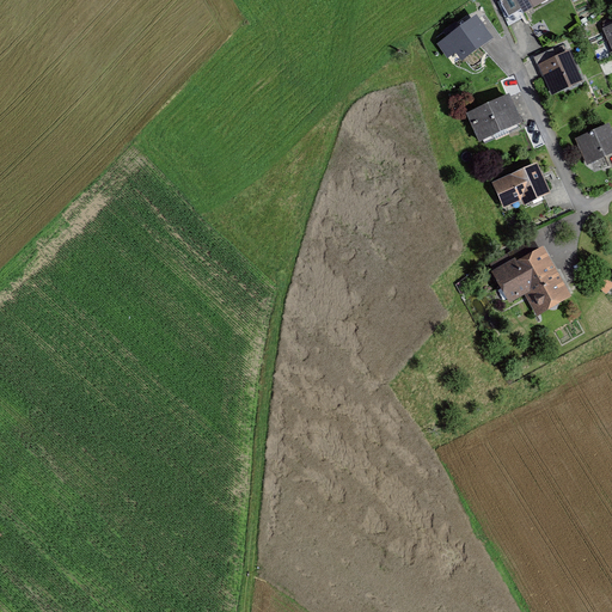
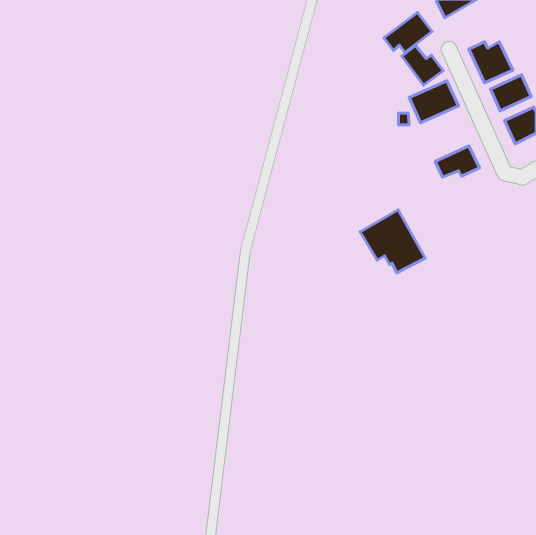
building: none -> [402,46,443,85]
building: none -> [490,75,531,111]
building: [490,239,564,311] -> [360,210,425,273]

